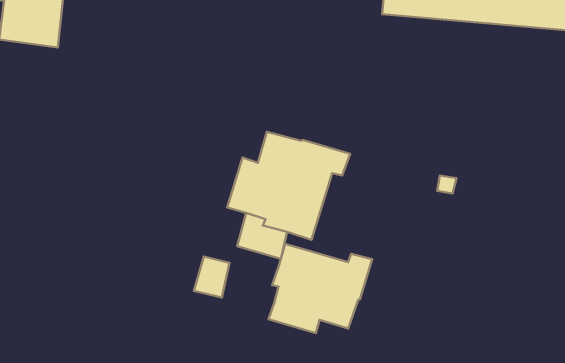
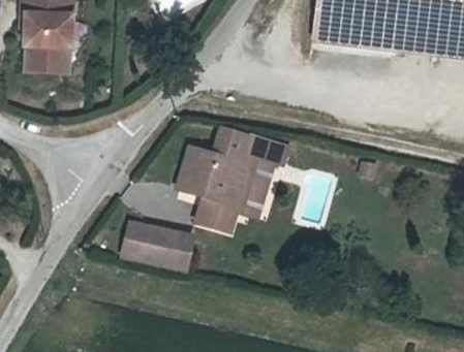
building: none -> [124,222,173,261]
building: [269,244,372,333] -> none

